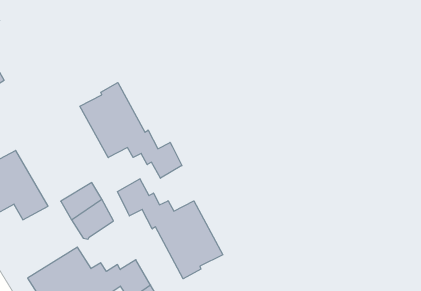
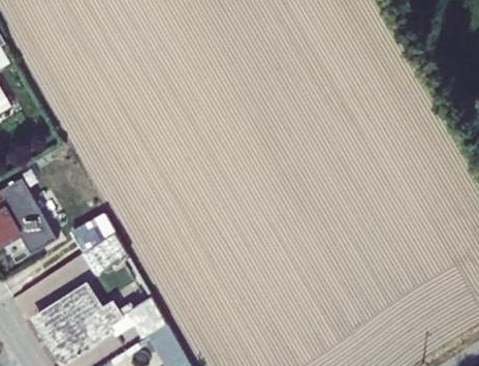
building: [80,83,182,178] -> none
building: [117,179,223,279] -> none

